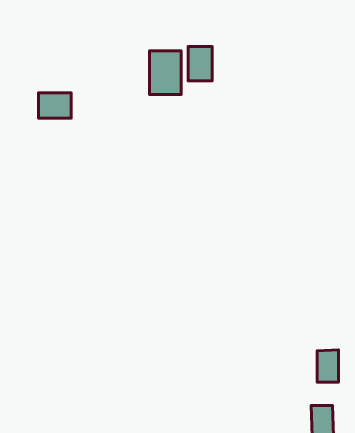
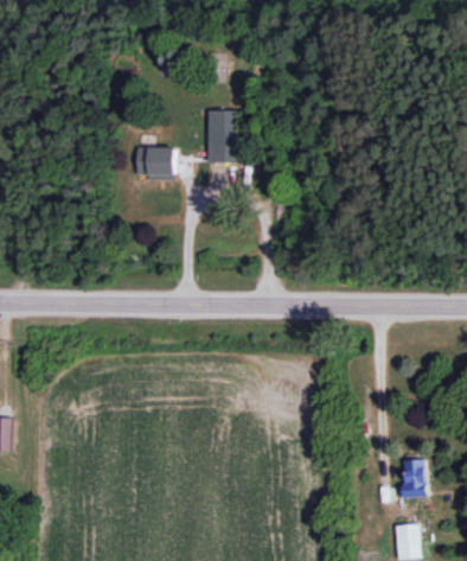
building: [188,46,212,81] -> none
building: [39,93,71,118] -> [136,147,174,177]

